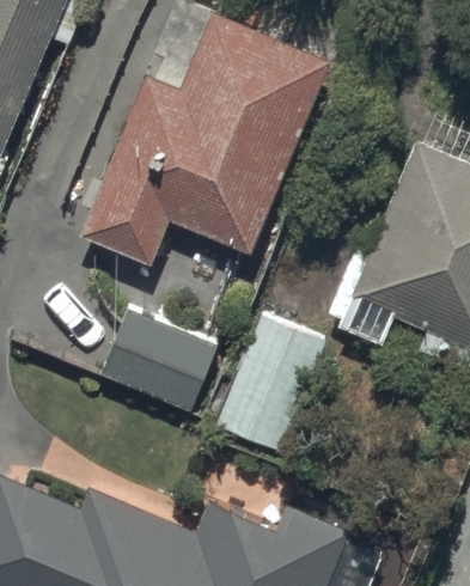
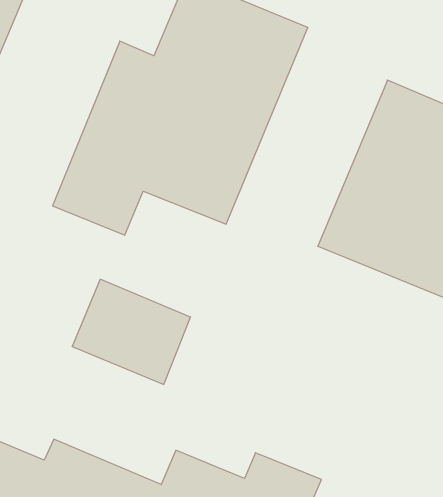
building: [214,322,325,459] -> none

